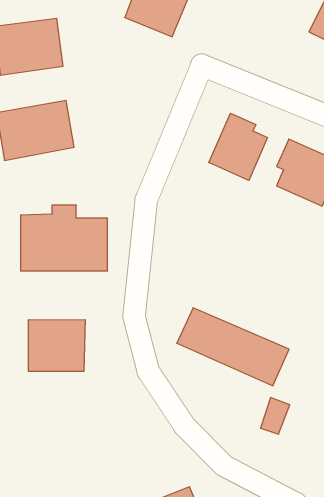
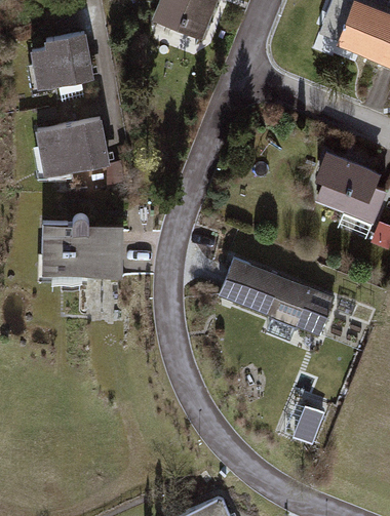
building: [209,113,268,180] -> none
building: [177,308,289,386] -> [217,256,330,335]
building: [29,320,85,371] -> none

